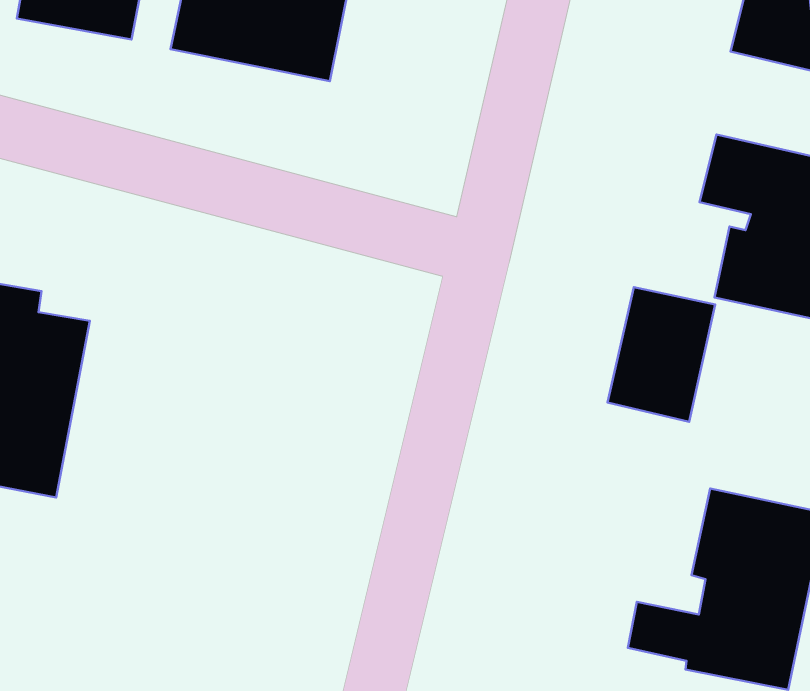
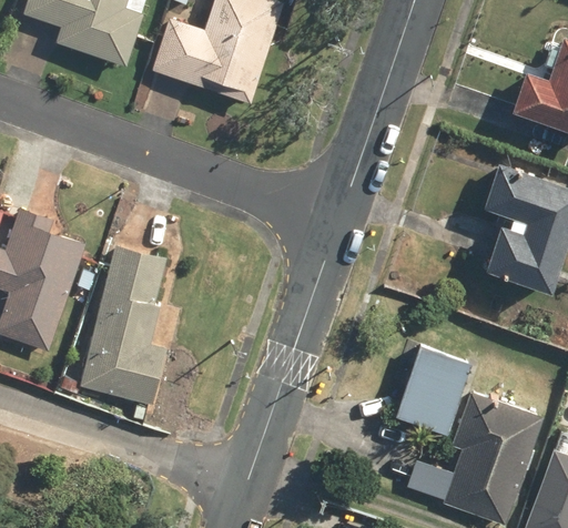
building: [608,287,715,422] -> [394,343,469,433]
building: none -> [81,248,178,406]

